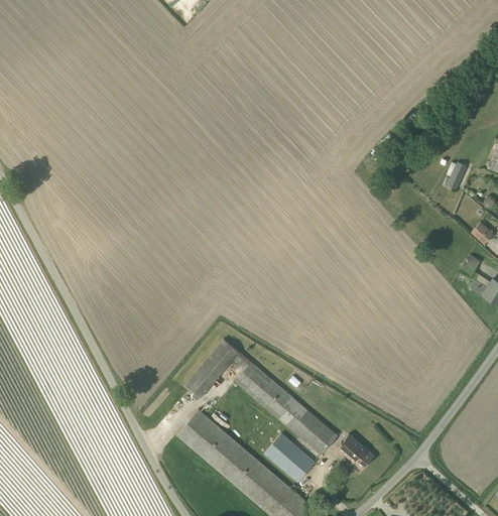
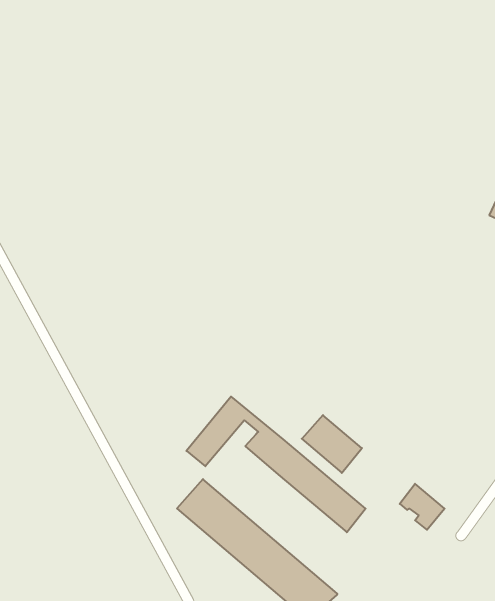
building: [265,434,317,484] -> [302,415,362,473]
building: [337,434,375,474] -> [400,484,445,530]

